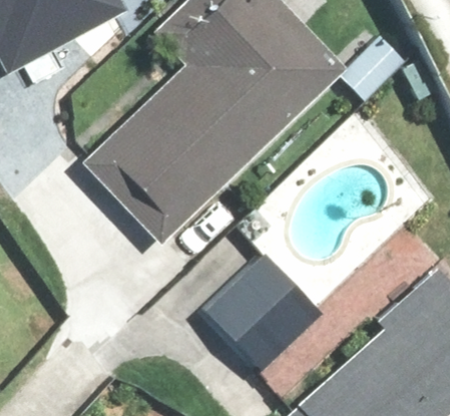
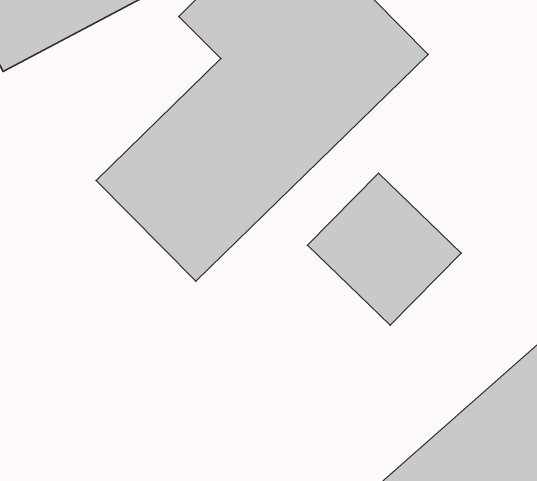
building: [203,253,321,369] -> [308,173,461,325]

